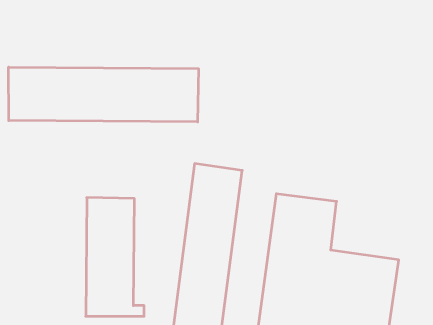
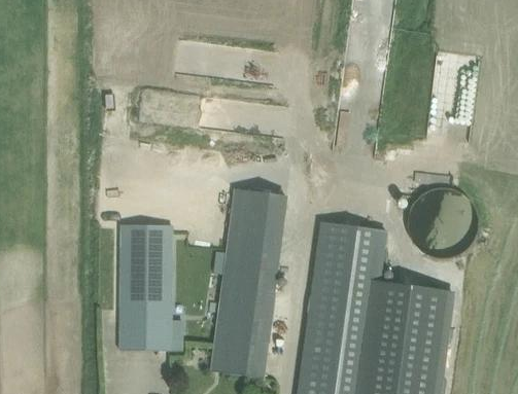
building: [9,67,198,122] -> none
building: none -> [407,187,478,258]

